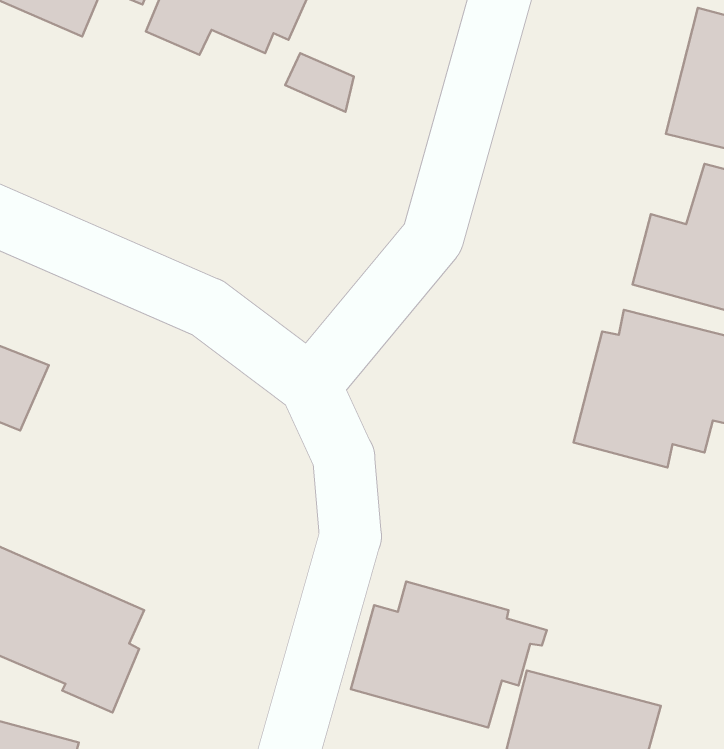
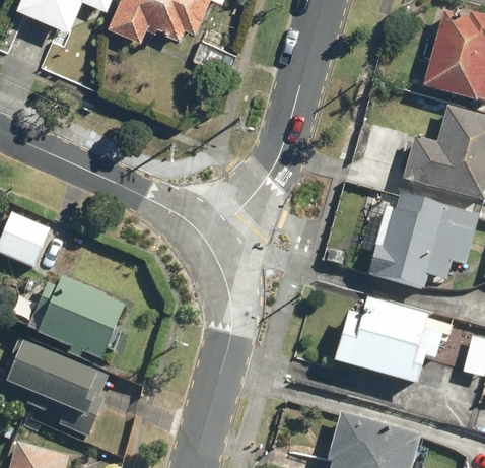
building: none -> [34,277,128,360]
building: [351,582,547,728] -> [334,296,453,385]

